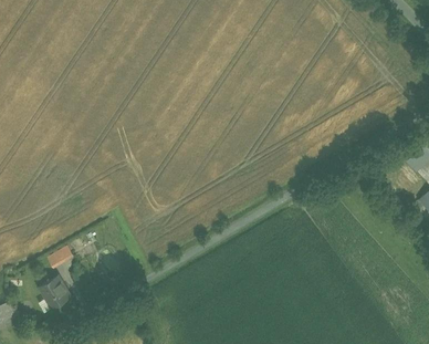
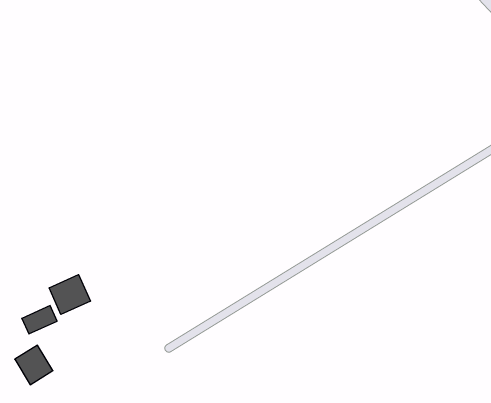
building: none -> [49,275,90,314]

